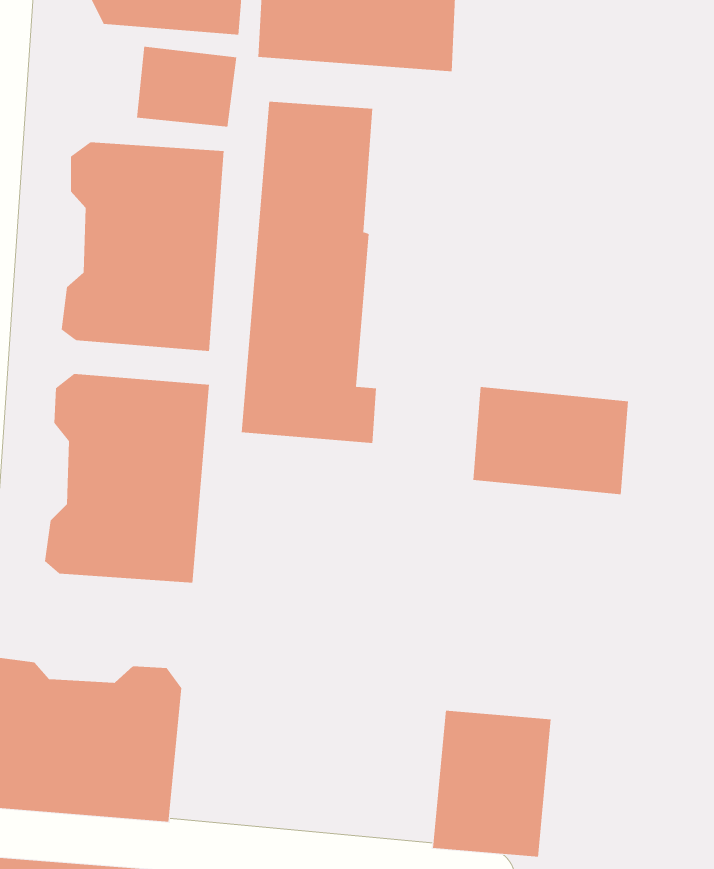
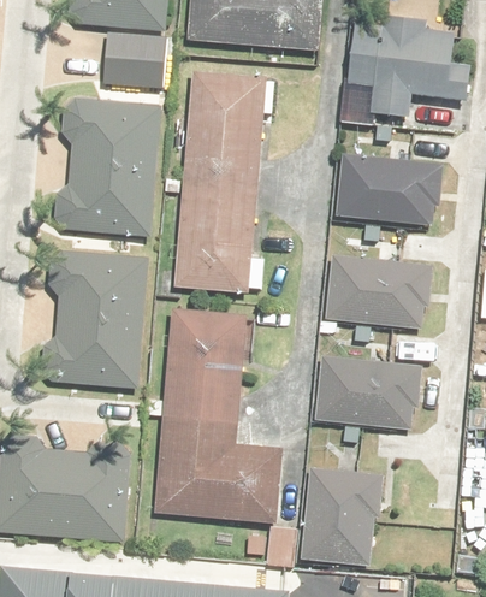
building: none -> [344,20,469,118]
building: none -> [333,150,438,229]
building: none -> [152,311,275,524]
building: none -> [313,356,416,430]

